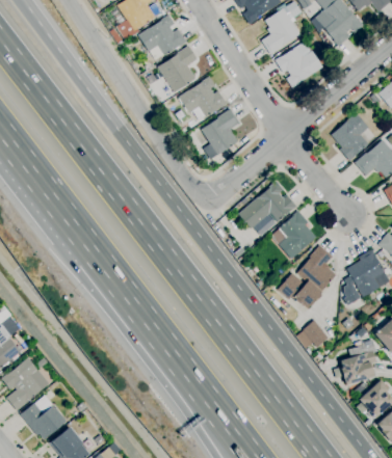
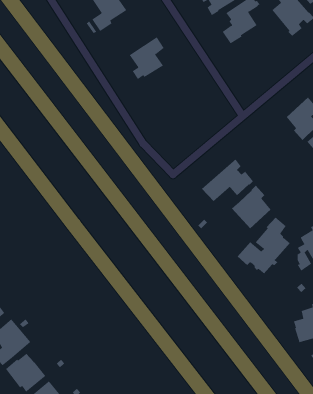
building: [138,14,187,59] -> none
building: [276,41,323,87] -> none
building: [179,76,227,119] -> none
building: [202,108,240,155] -> none
building: [296,320,329,348] -> none

